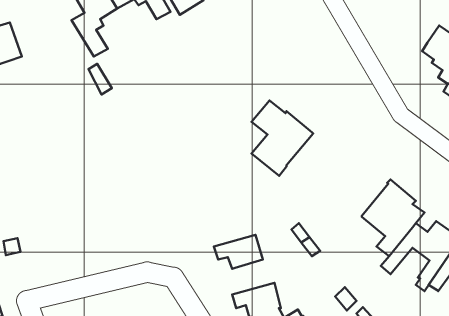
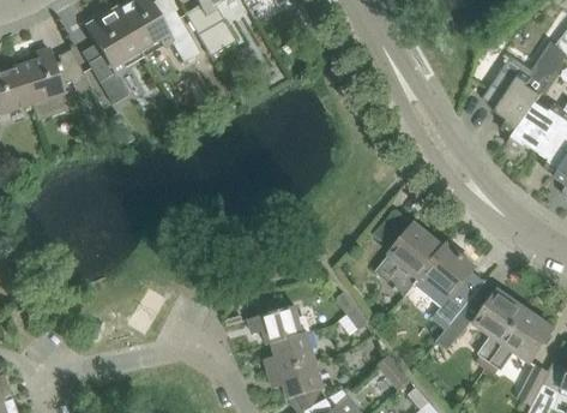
building: none -> [18,48,90,121]
building: [251,100,313,176] -> [375,211,445,297]
building: none -> [265,331,316,373]

